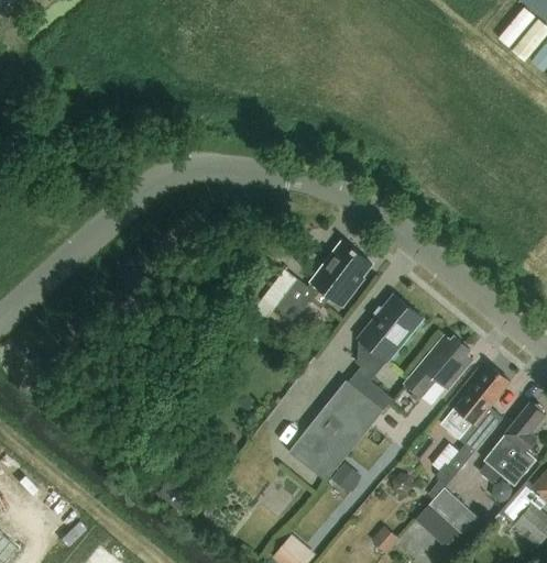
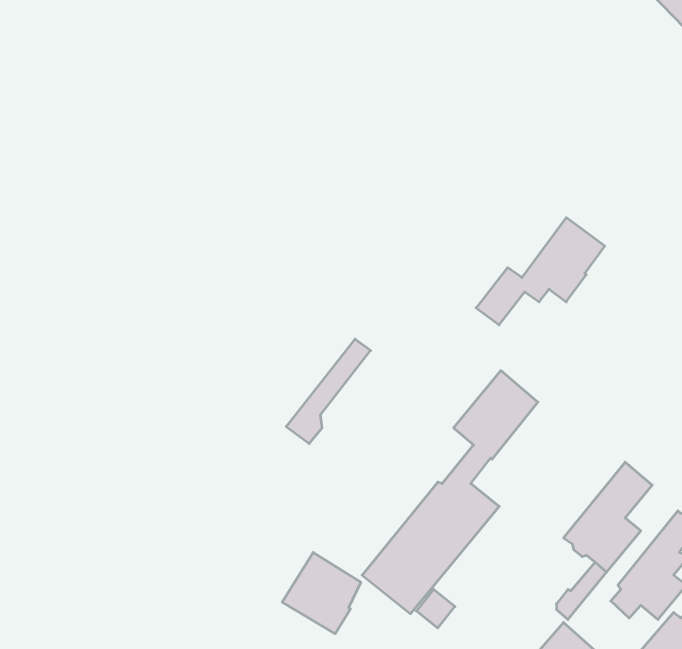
building: [273,240,372,322] -> [476,218,605,325]
building: [405,335,473,398] -> none
building: none -> [282,552,361,634]

